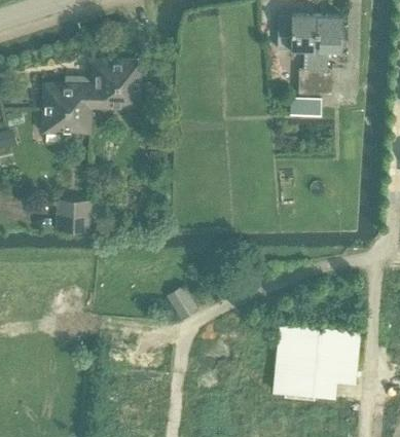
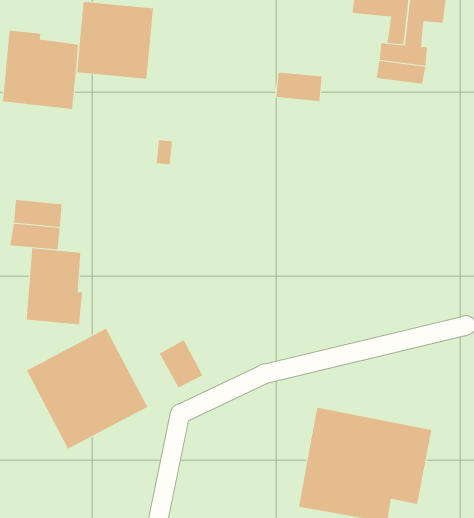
building: [290,99,321,116] -> [276,72,322,101]
building: none -> [26,247,83,325]
building: none -> [26,328,148,449]

